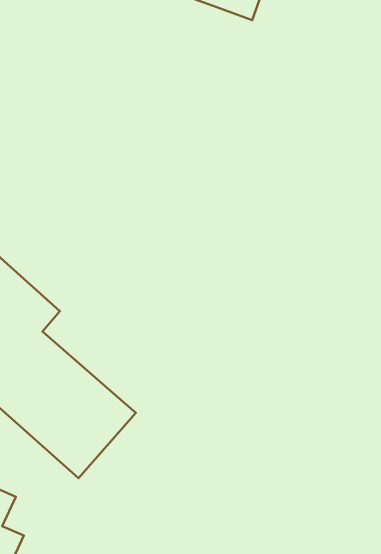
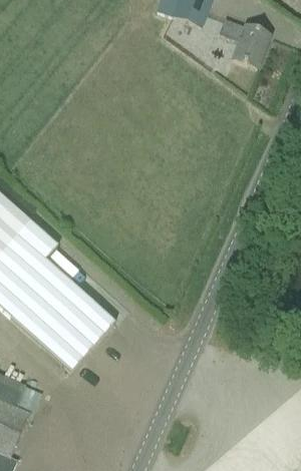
building: none -> [218,18,269,67]

